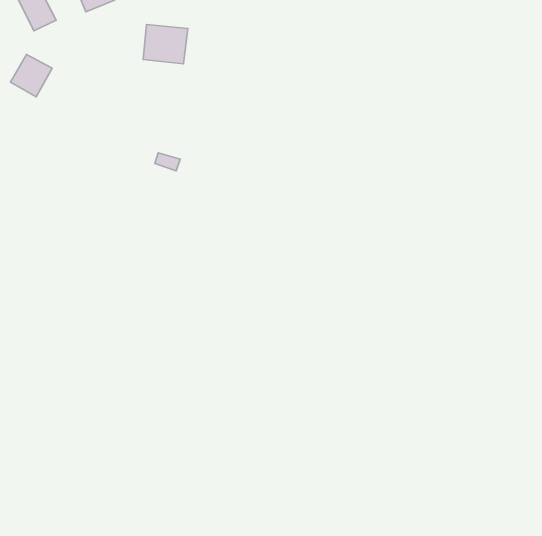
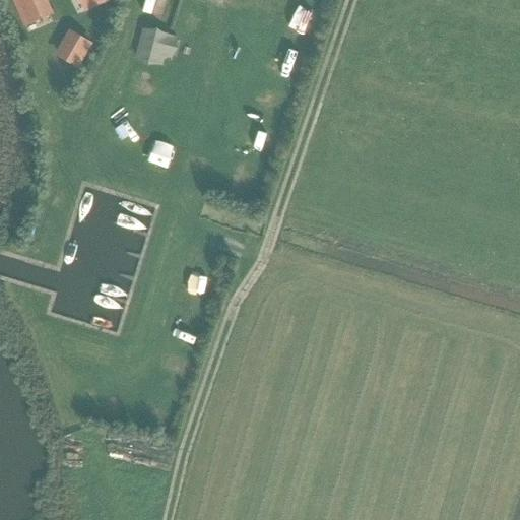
building: [11,54,52,97] -> [52,27,91,68]

